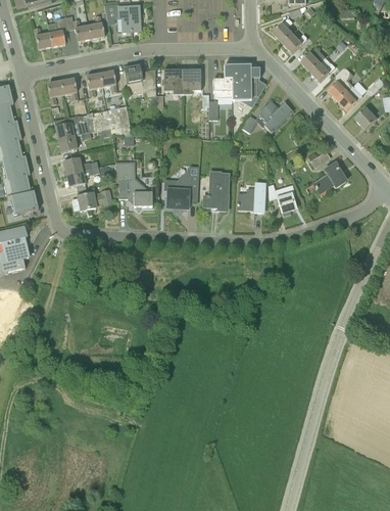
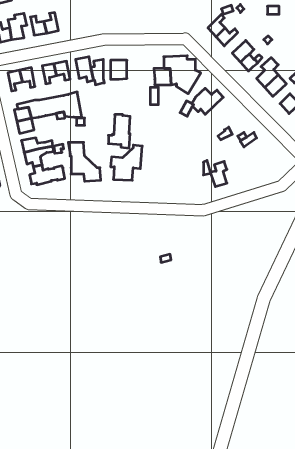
building: [118,7,140,31] -> none
building: [182,68,200,90] -> none
building: [313,162,345,191] -> none
building: [203,173,228,211] -> [108,115,130,148]
building: [238,183,264,212] -> none

